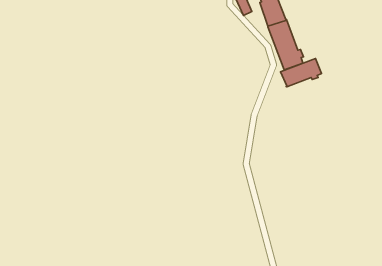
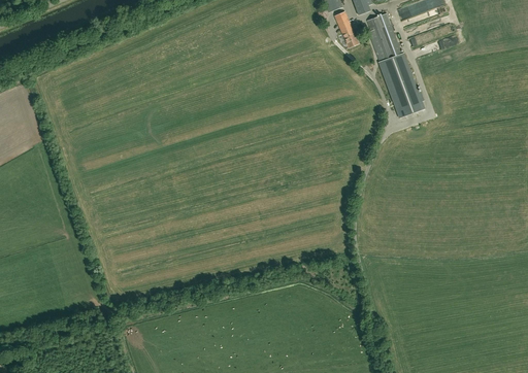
building: [281,58,322,87] -> none

